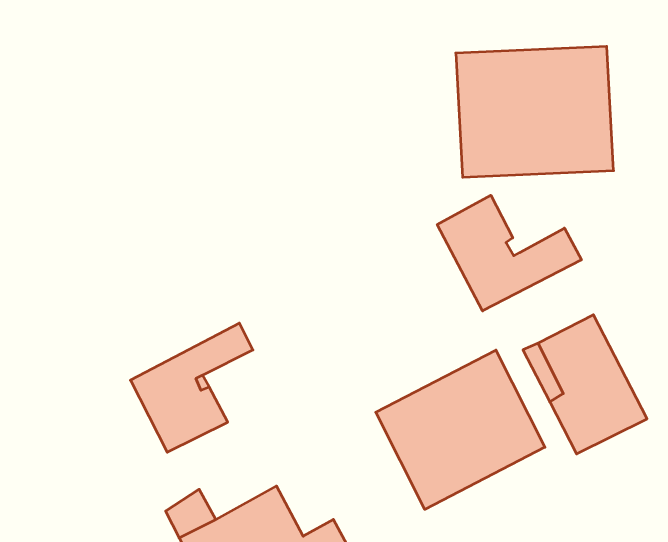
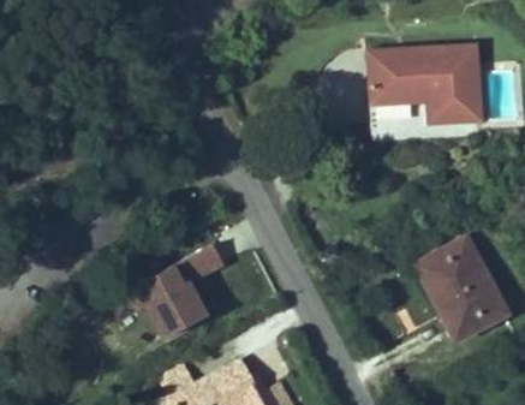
building: [437,195,581,311] -> none
building: [376,350,545,509] -> none

